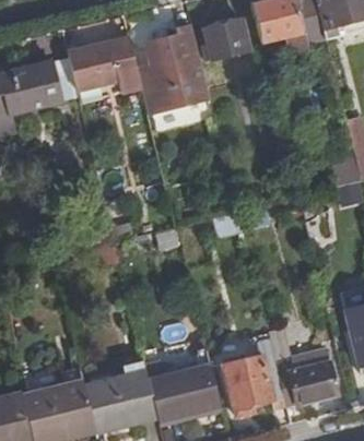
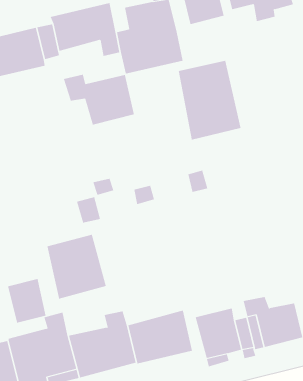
building: none -> [178,60,241,141]
building: none -> [63,74,134,125]
building: none -> [47,234,106,300]
building: none -> [7,278,46,323]

